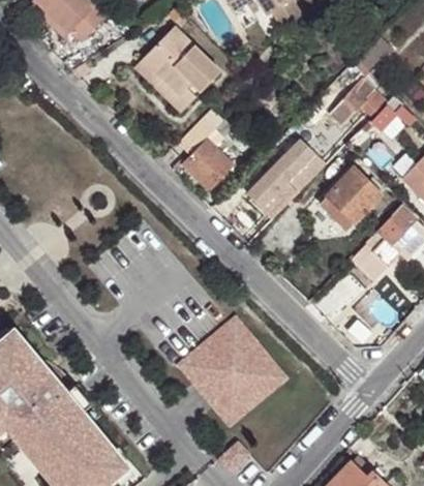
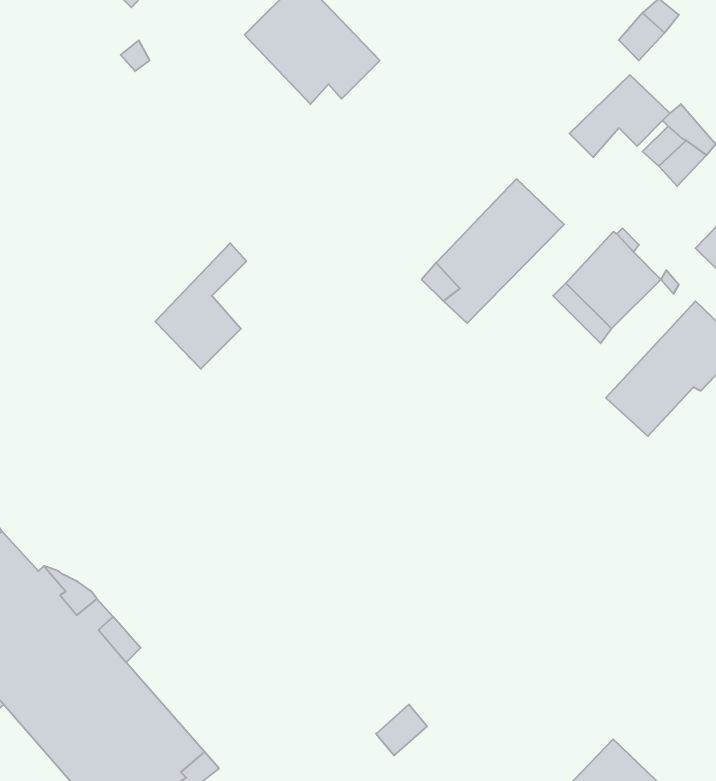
building: [135,57,200,112] -> none
building: [182,117,234,188] -> [155,243,246,369]
building: [174,314,286,427] -> none

